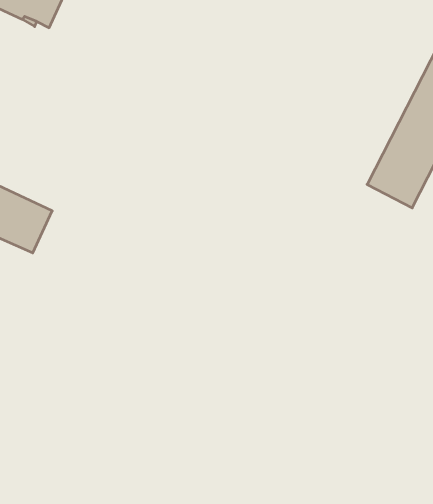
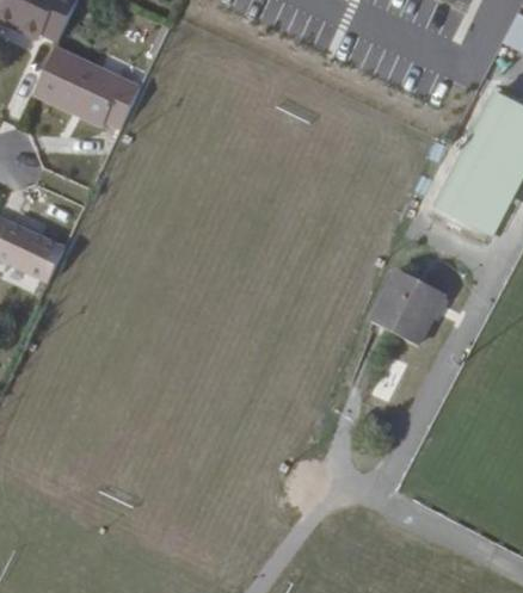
building: none -> [36,42,141,116]
building: none -> [379,276,442,348]

